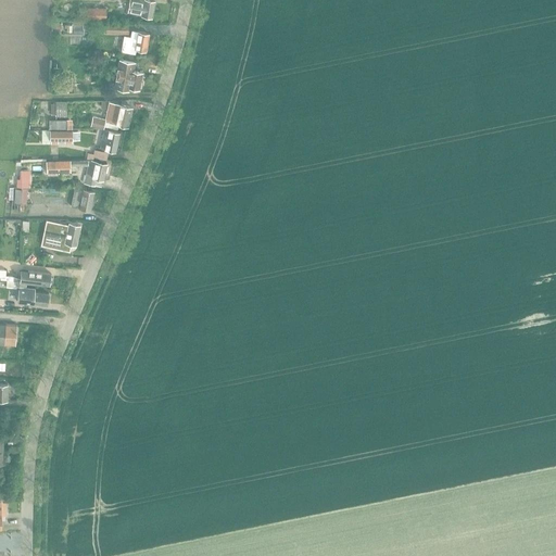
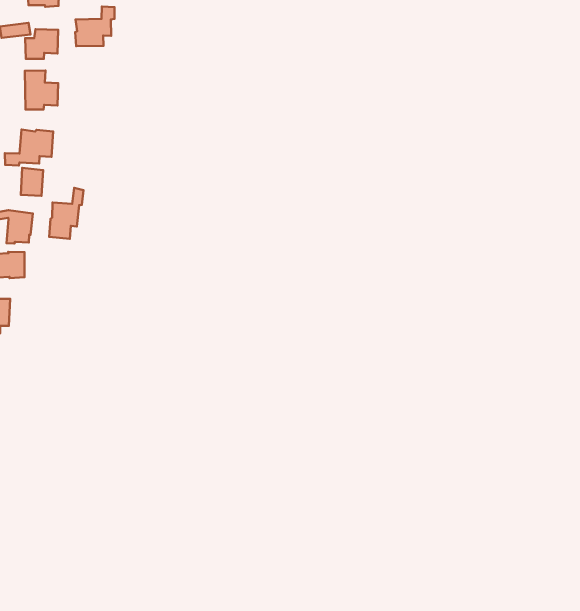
building: none -> [75,6,114,46]
building: none -> [49,188,83,239]

